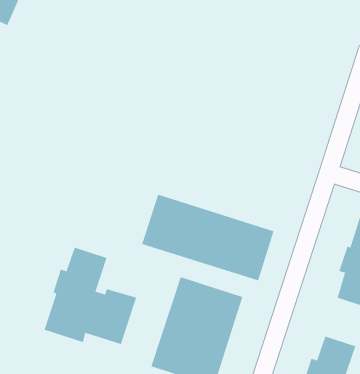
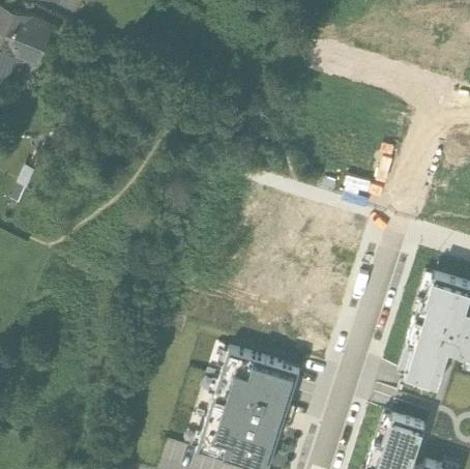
building: [142,194,274,281] -> none
building: [44,247,137,345] -> none

